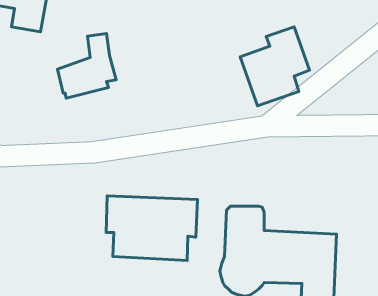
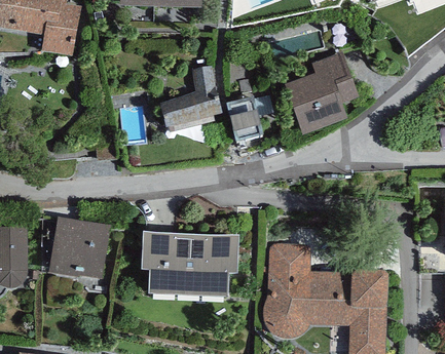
building: [57,33,116,98] -> [159,65,222,133]
building: none -> [225,92,272,143]
building: none -> [48,215,110,282]

